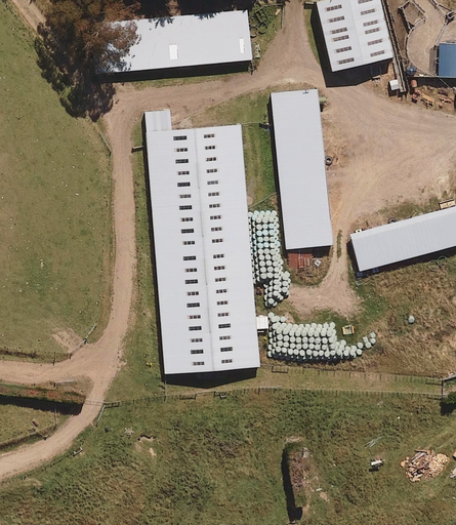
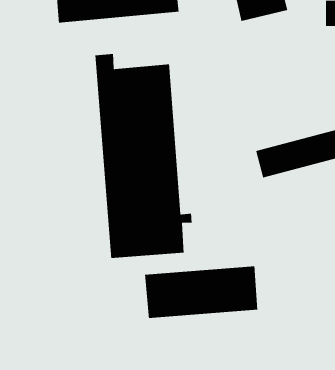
building: [268,89,331,249] -> none
building: none -> [144,265,258,319]

